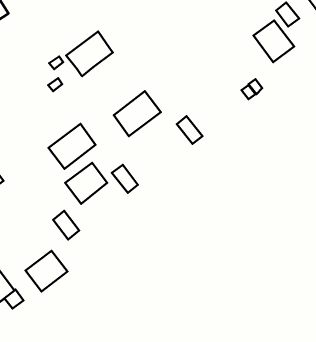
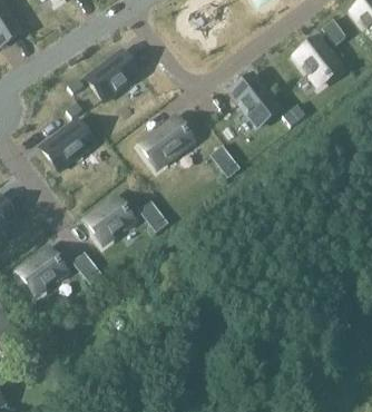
building: none -> [231,75,280,127]
building: [49,124,95,169] -> [40,120,92,170]
building: [26,251,67,292] -> [18,249,65,295]

